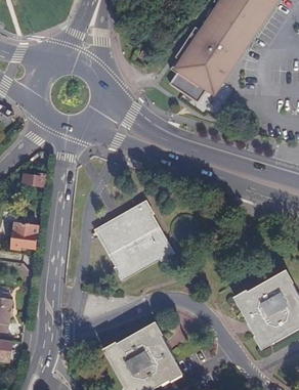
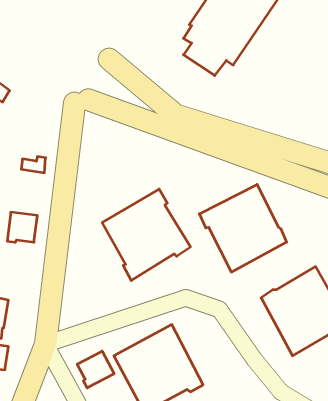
building: none -> [199,184,287,272]
building: none -> [77,351,114,388]

